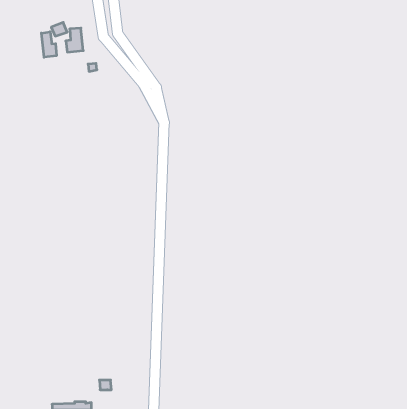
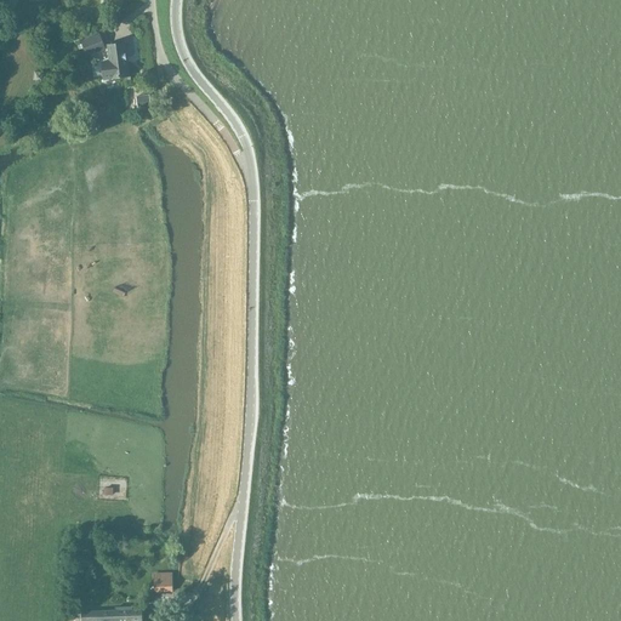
building: [41,32,56,57] -> none

